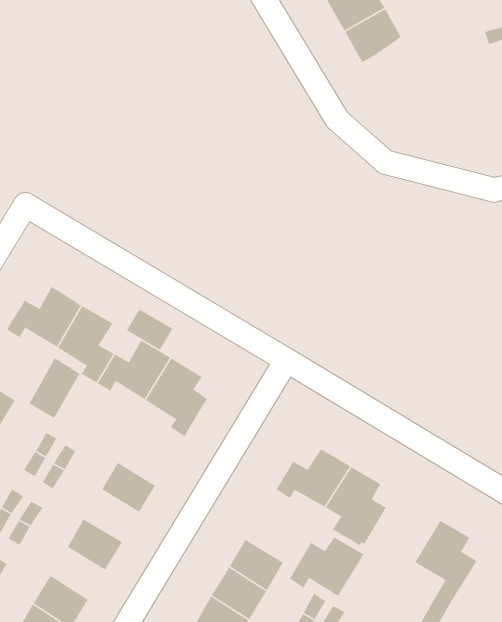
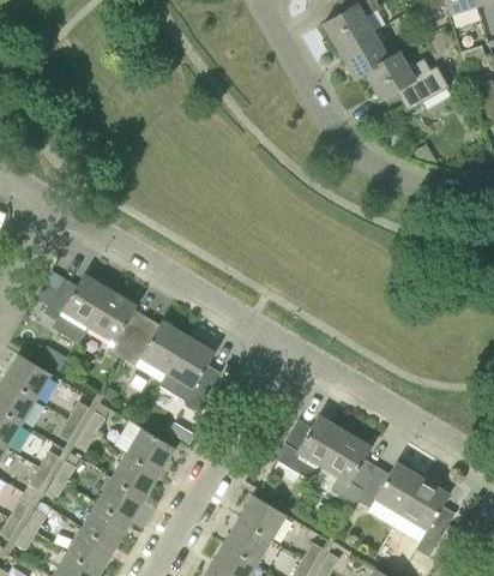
building: none -> [365,52,448,113]
building: [126,308,173,351] -> none
building: [29,357,81,419] -> none
building: none -> [110,452,159,498]
building: [289,536,364,597] -> [356,463,422,516]
building: none -> [82,503,129,548]

